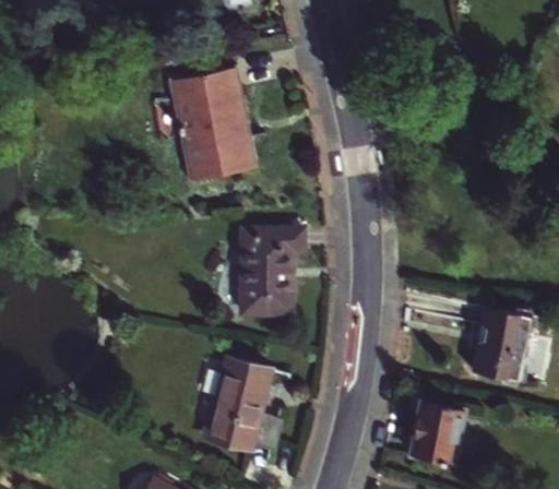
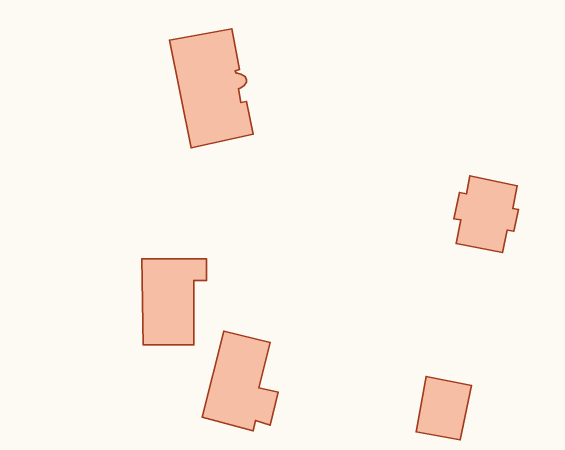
building: [242,230,305,313] -> [142,259,206,345]
building: [471,307,533,381] -> [454,176,518,253]

